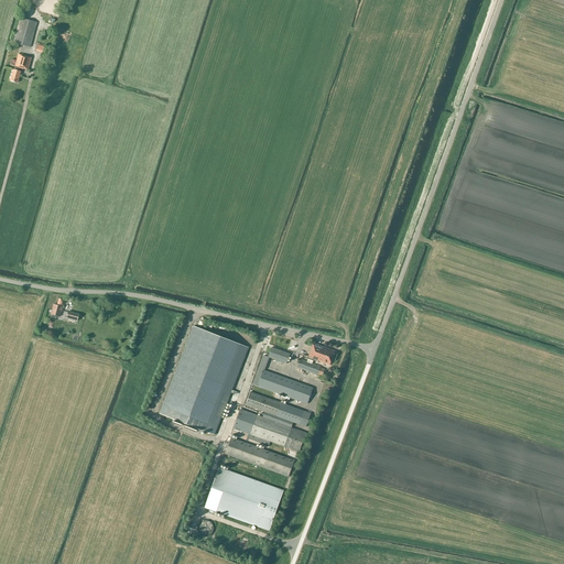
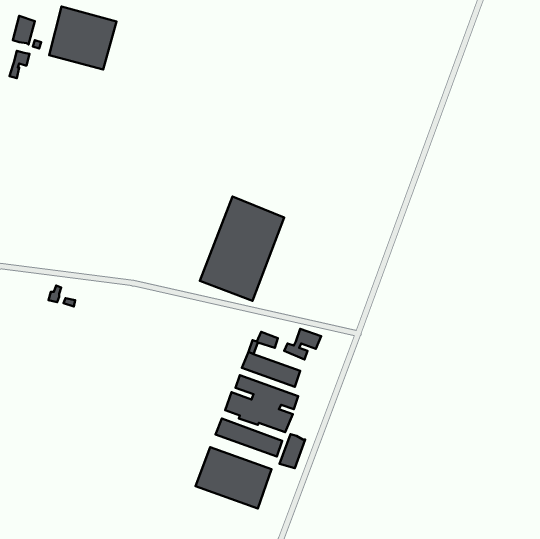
building: none -> [49,7,116,69]
building: [160,325,248,434] -> [200,196,284,301]
building: none -> [279,434,305,468]

